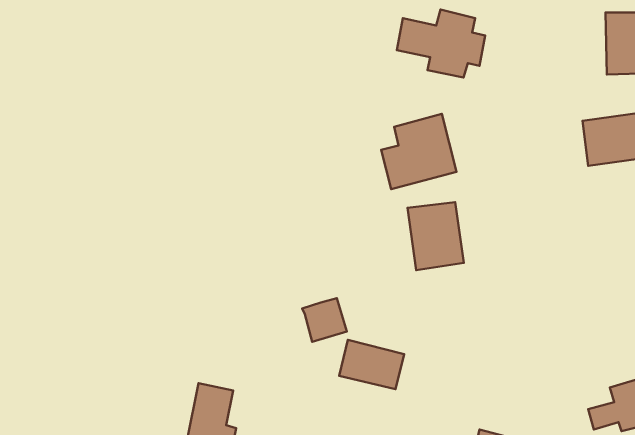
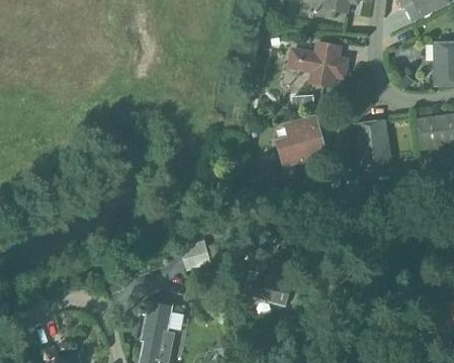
building: [407,202,464,270] -> [353,119,392,167]
building: [302,298,347,342] -> [179,241,210,271]

